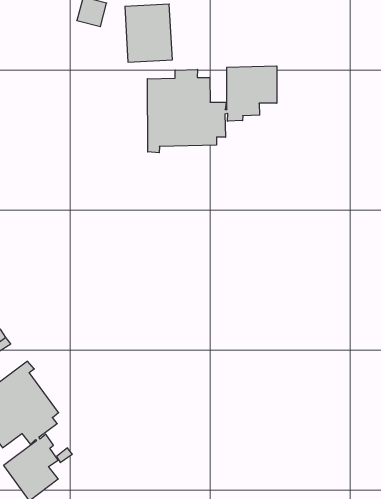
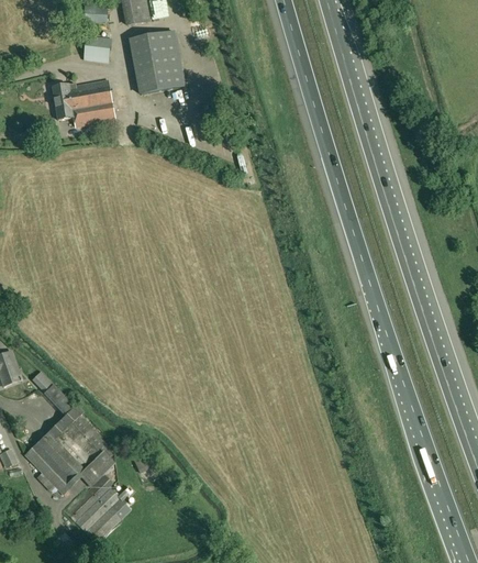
building: none -> [52,79,115,125]
building: [147,66,277,153] -> none

